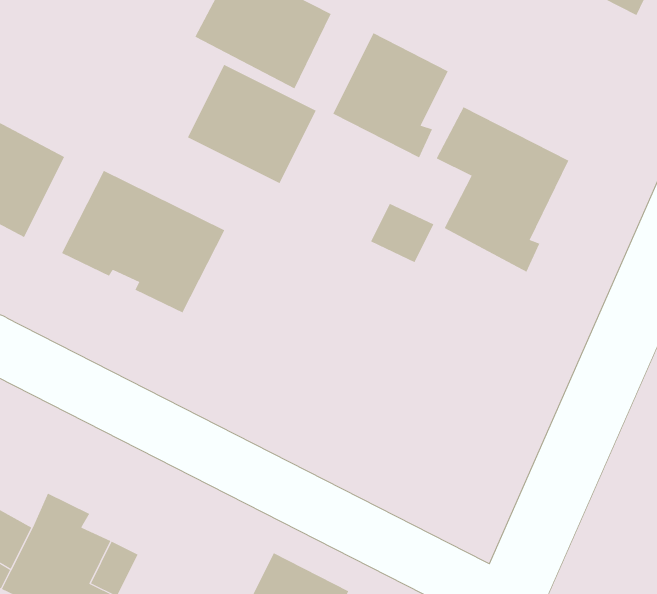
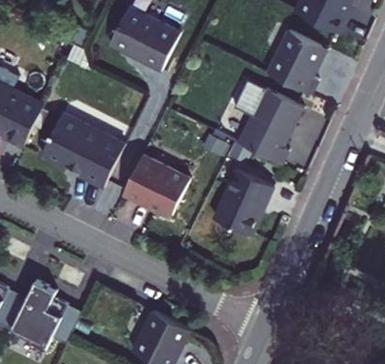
building: [332,33,448,158] -> [265,30,325,95]
building: [187,64,317,184] -> [131,160,198,222]
building: none -> [212,170,273,238]

